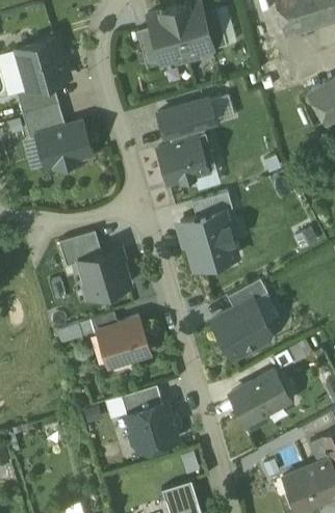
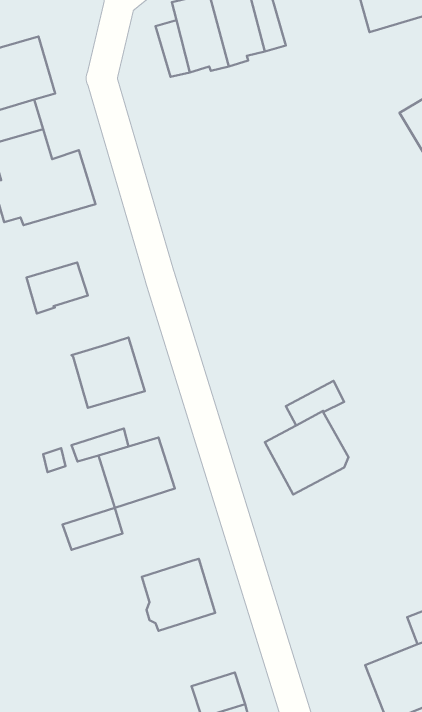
building: [154,98,220,190] -> none
building: [174,194,240,272] -> none
building: [59,232,102,267] -> [26,263,88,313]
building: [231,372,288,431] -> none
building: [121,386,162,415] -> [63,508,122,550]

